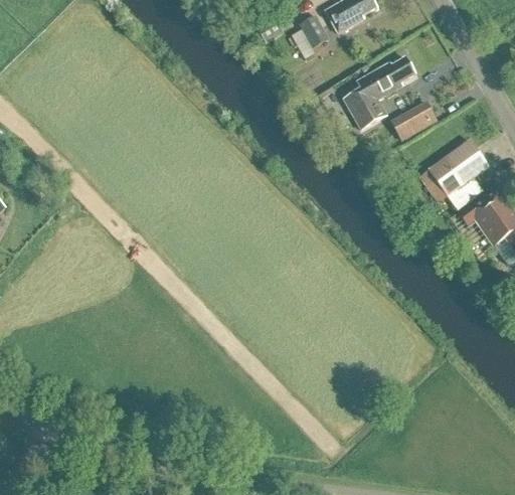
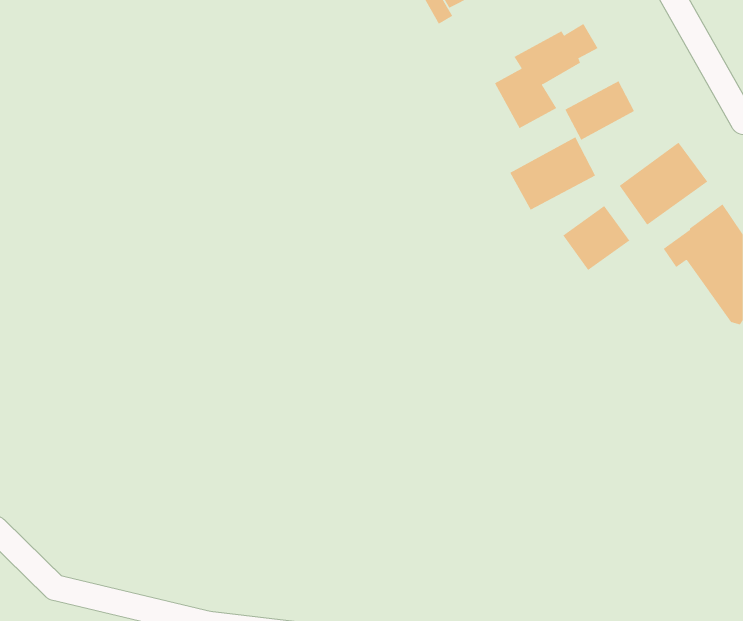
building: none -> [509,136,596,211]
building: none -> [562,205,630,271]

